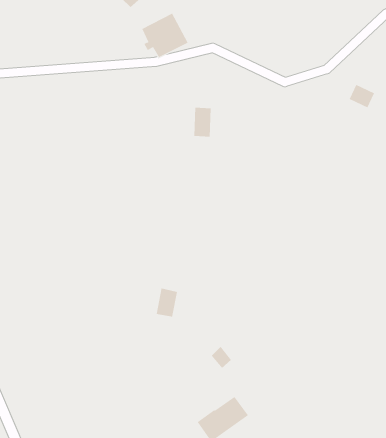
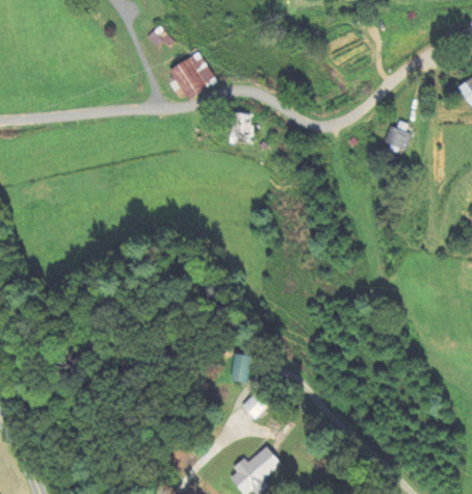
building: [194,107,212,137] -> [231,111,250,142]
building: [156,288,178,317] -> [229,354,252,384]

